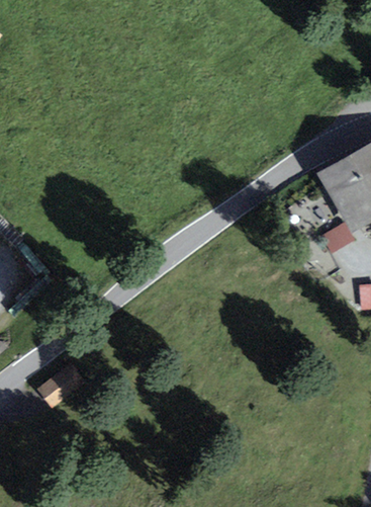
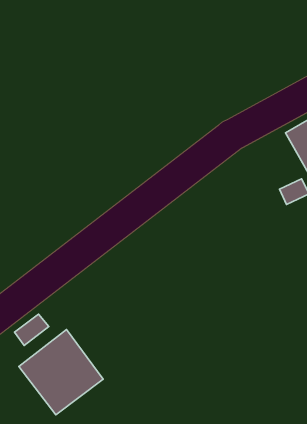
building: none -> [19,330,103,415]

